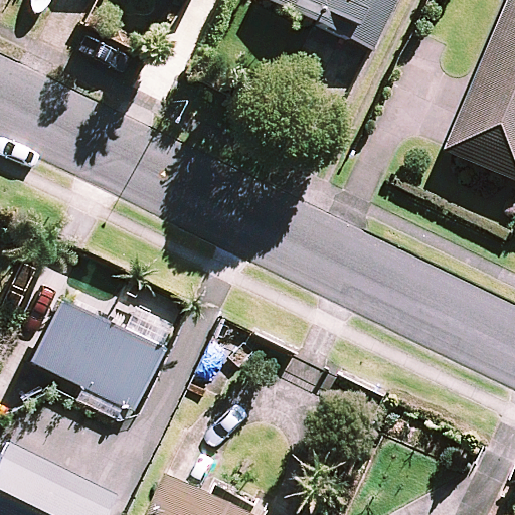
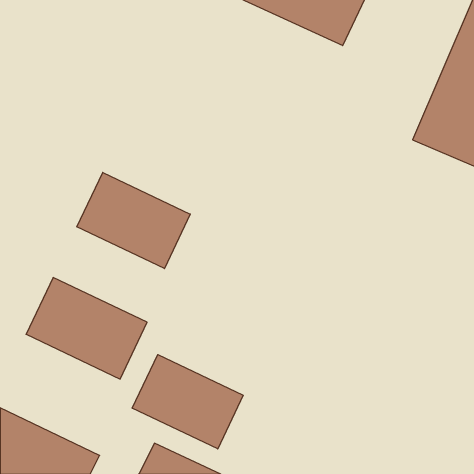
building: none -> [77,172,190,269]
building: none -> [132,355,243,449]

